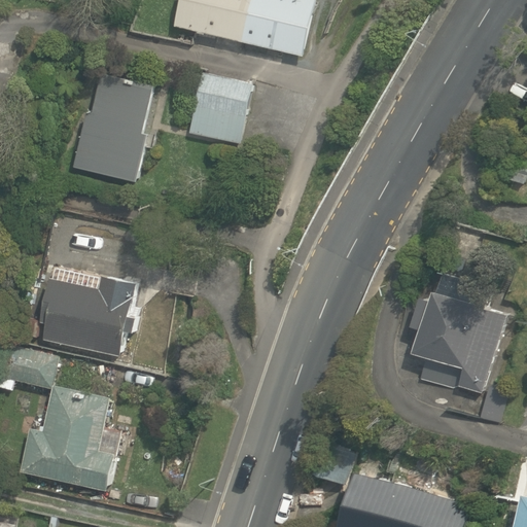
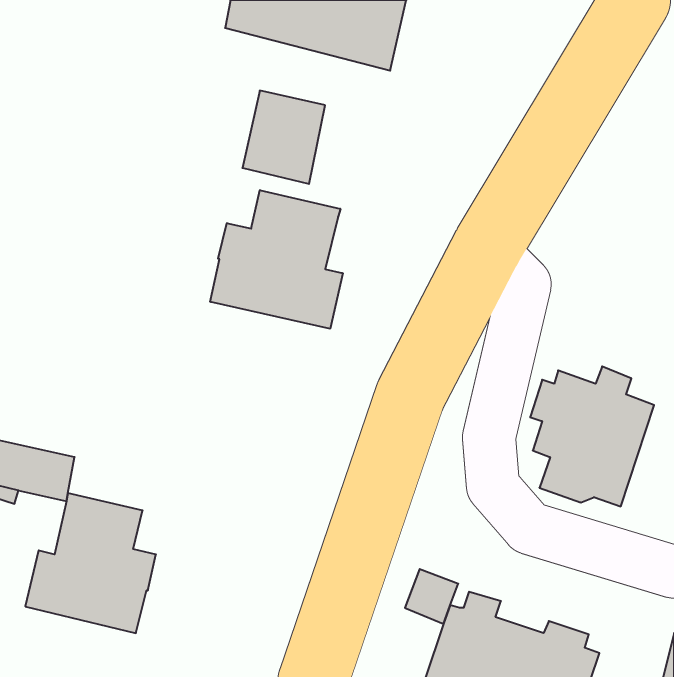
building: [74,73,152,182] -> none
building: none -> [210,190,343,329]
building: [39,275,137,356] -> none

